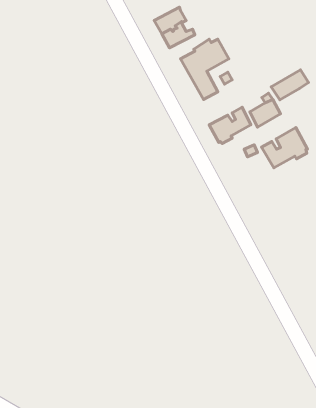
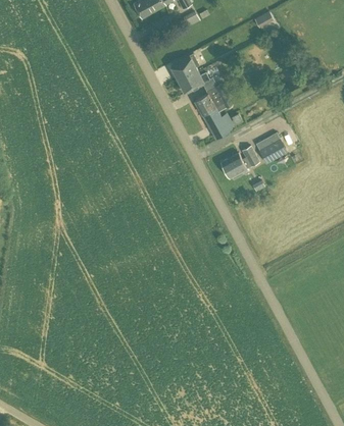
building: [271,70,308,100] -> none
building: [261,128,308,168] -> none

